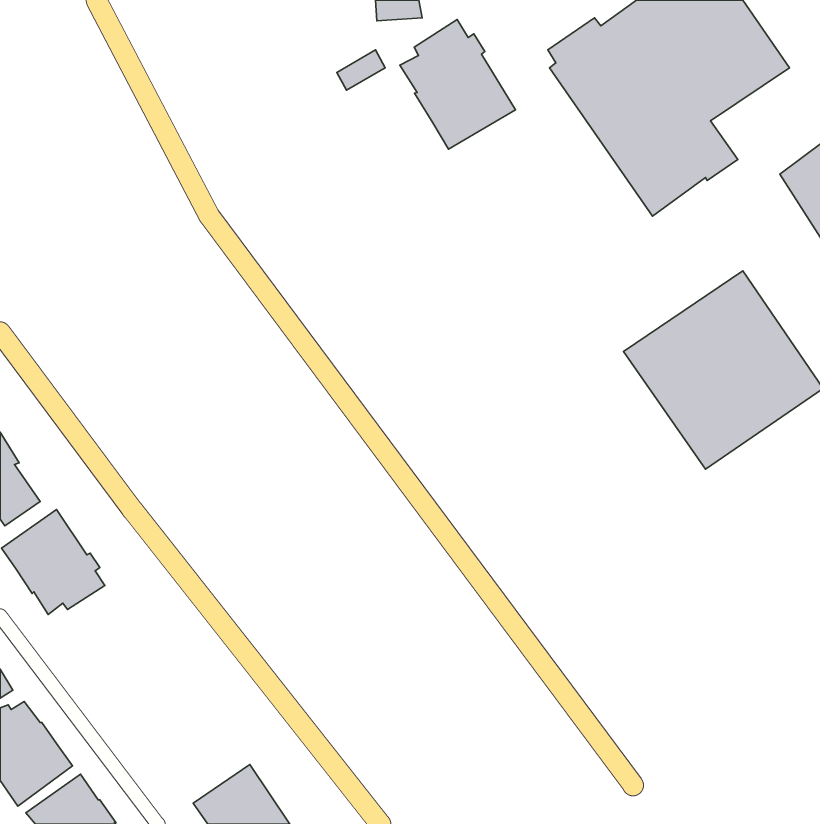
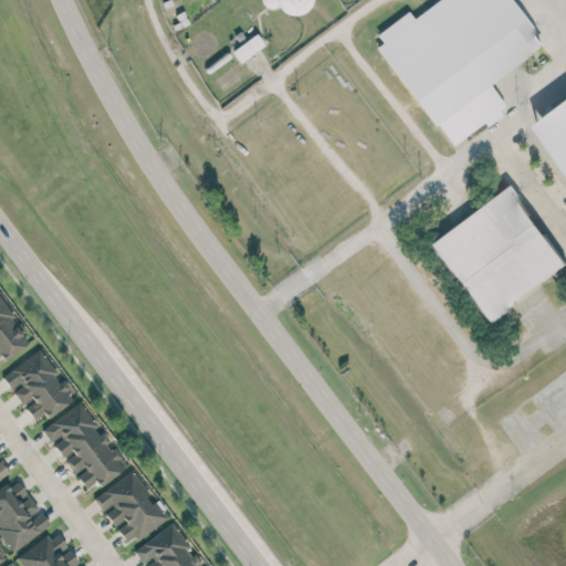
building: [400,20,515,149] -> none
building: none -> [43,401,129,489]
building: none -> [95,470,168,545]

